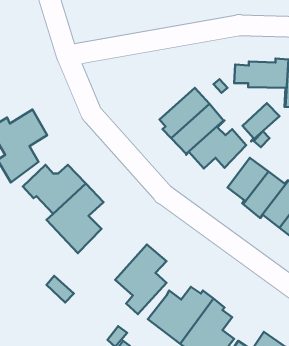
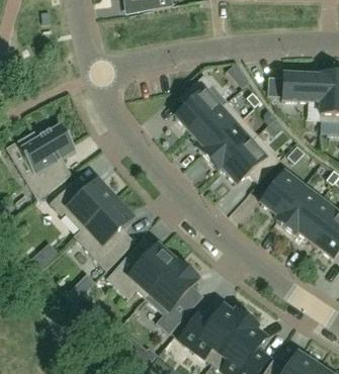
building: none -> [176,74,228,132]
building: [243,103,279,142] -> none
building: none -> [107,244,178,297]

